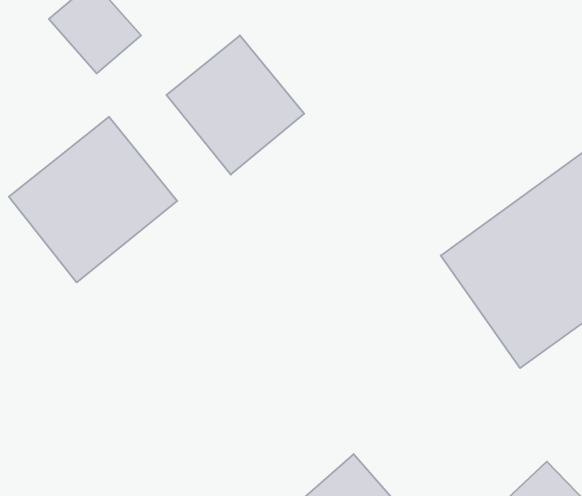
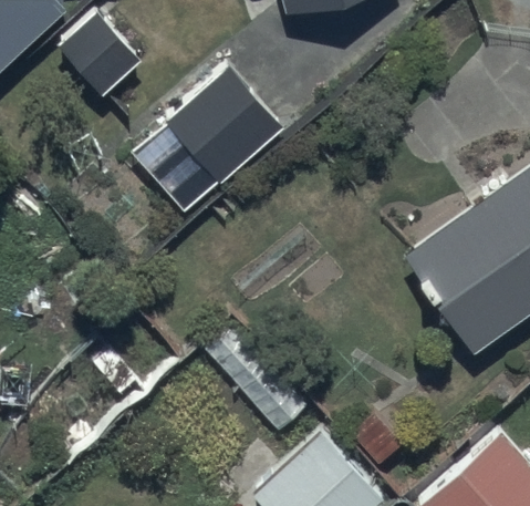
building: [9,117,177,282] -> none

